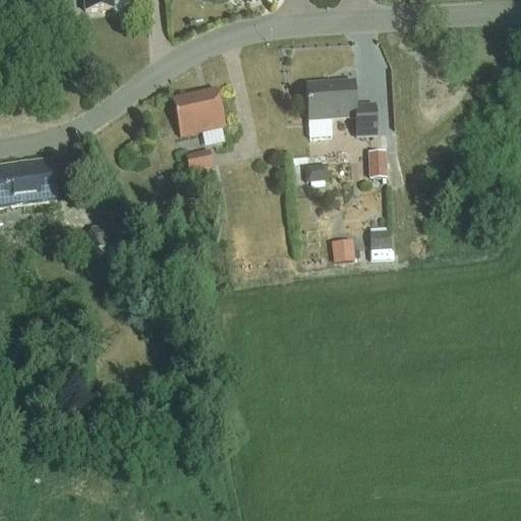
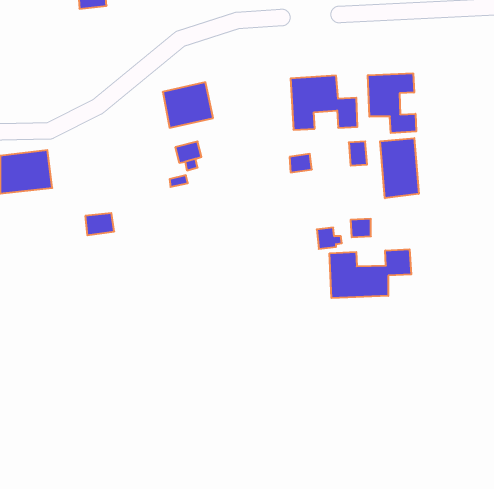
building: none -> [368,73,416,133]
building: none -> [380,138,419,198]
building: none -> [330,249,411,298]

